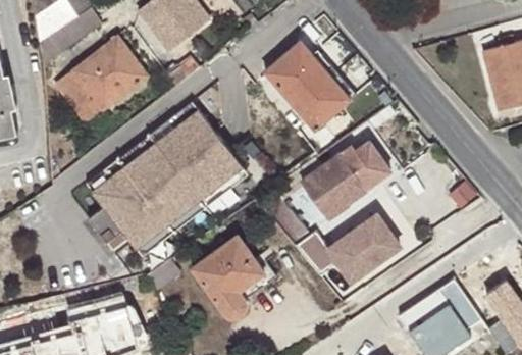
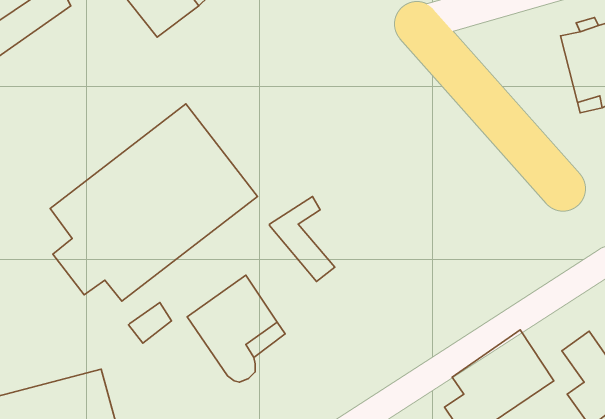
building: [56,35,148,132] -> none
building: [264,38,351,129] -> none
building: [304,139,390,216] -> none
building: [296,213,400,280] -> none

